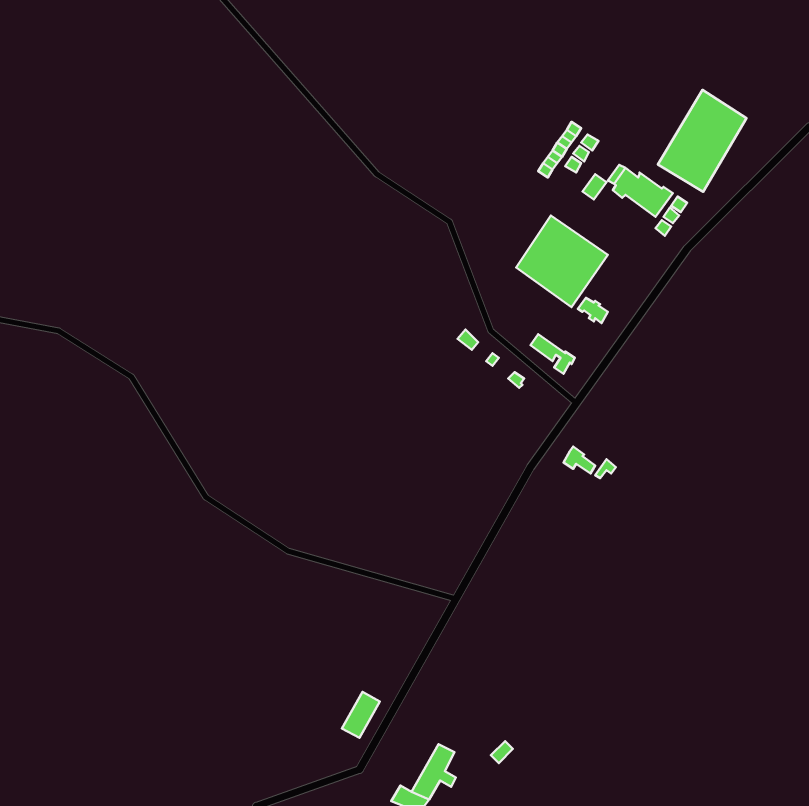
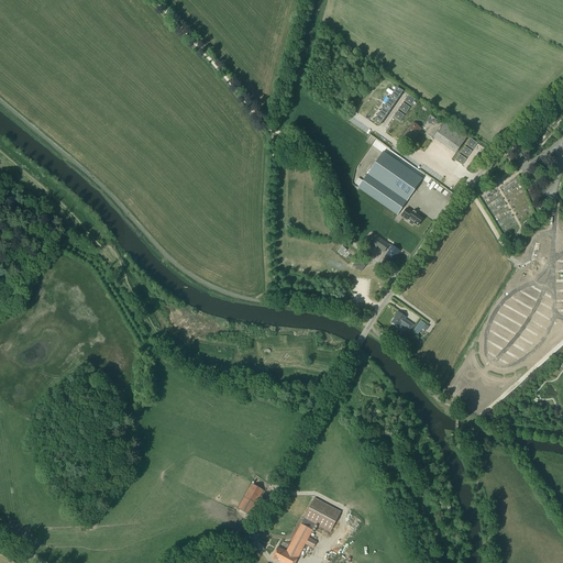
building: [658,90,747,192] -> none
building: none -> [305,496,341,530]

